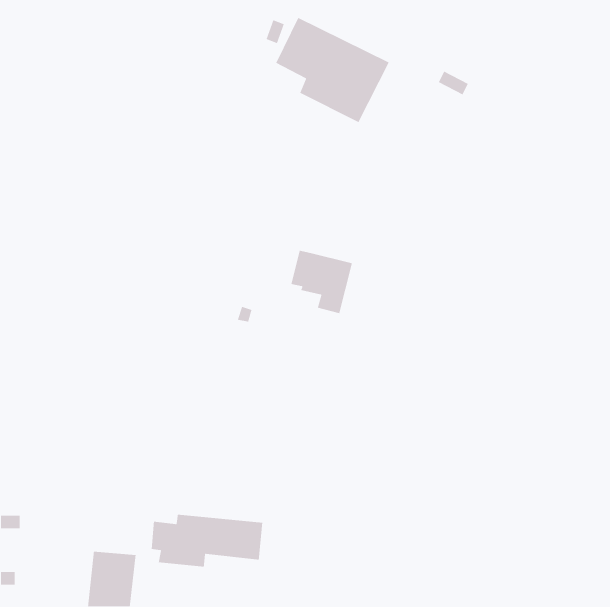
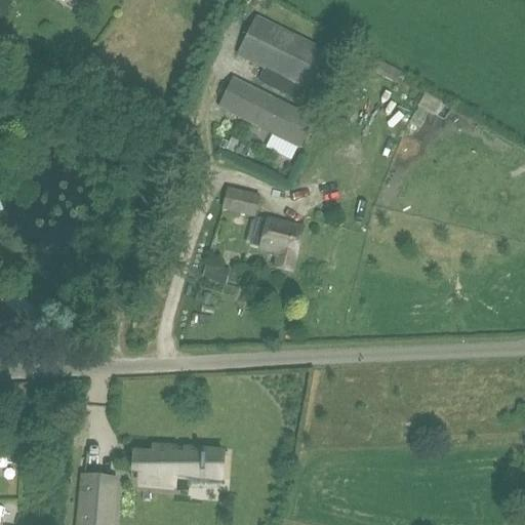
building: none -> [219,77,313,146]
building: none -> [223,186,260,215]

